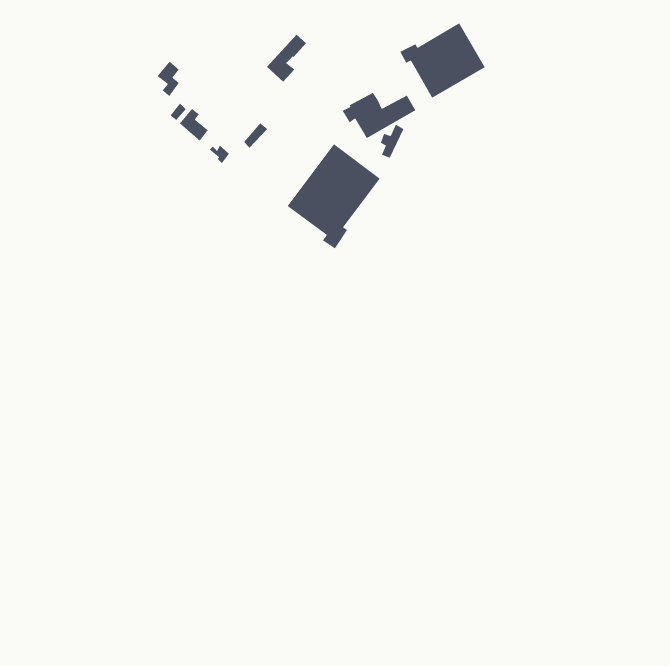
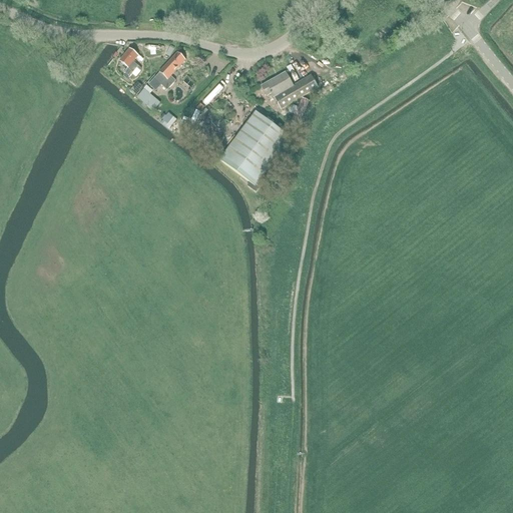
building: [399,22,486,99] -> none
building: [266,34,307,82] -> [153,50,184,87]

